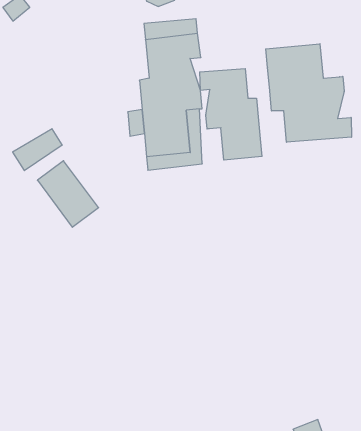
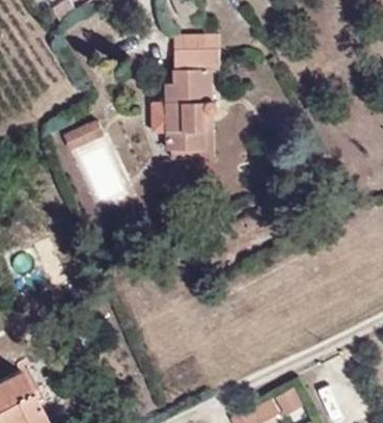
building: [266,44,351,142] -> none
building: [200,69,262,160] -> none

